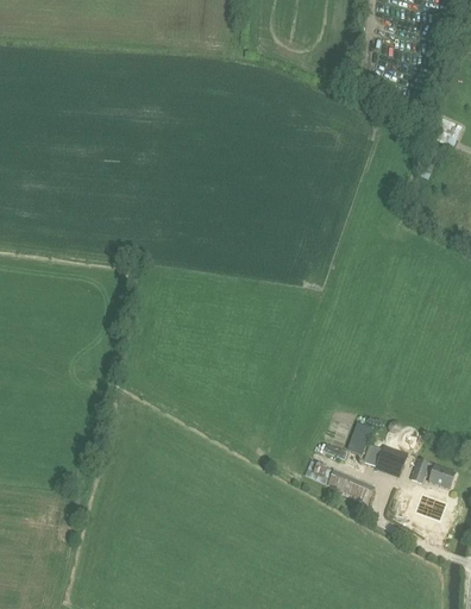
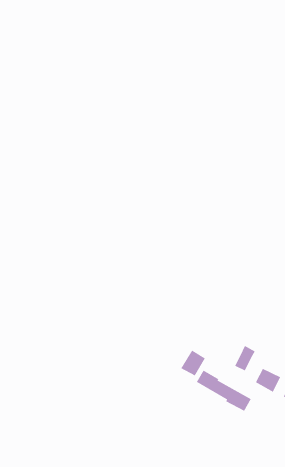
building: none -> [180,349,206,376]

